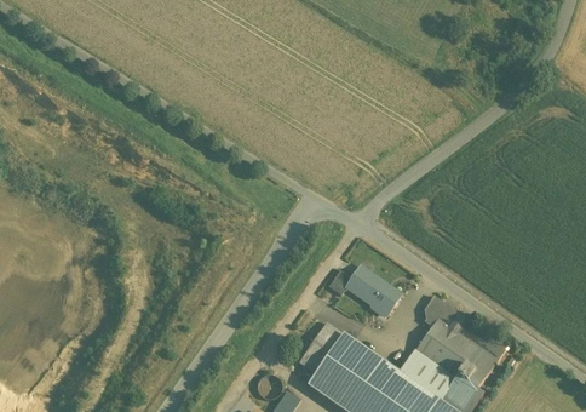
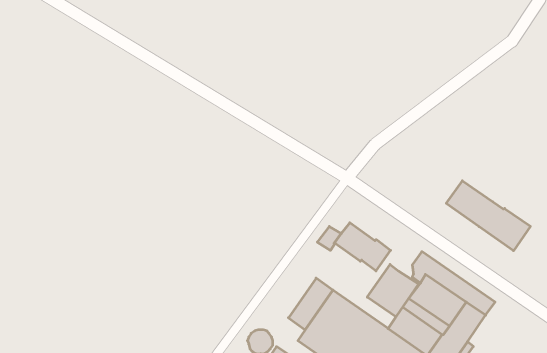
building: none -> [446,181,530,251]
building: none -> [367,264,419,317]

